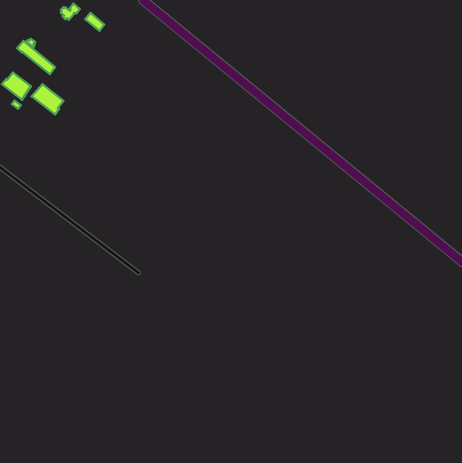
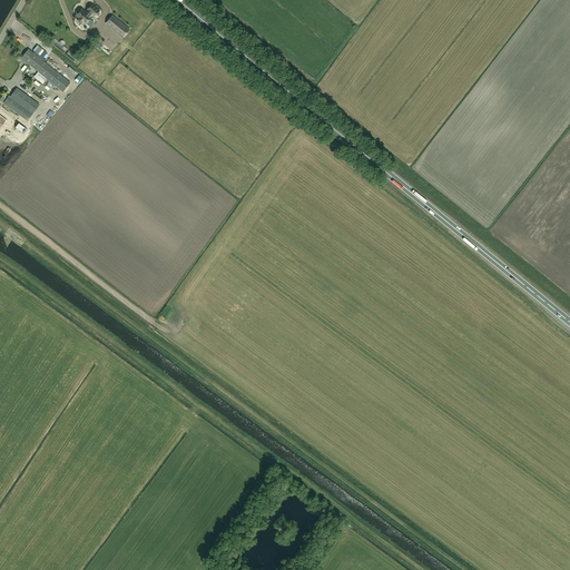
building: [32,84,64,115] -> none

